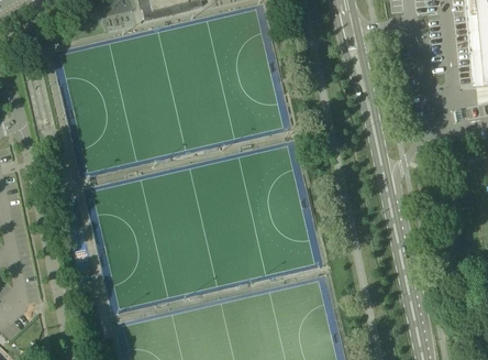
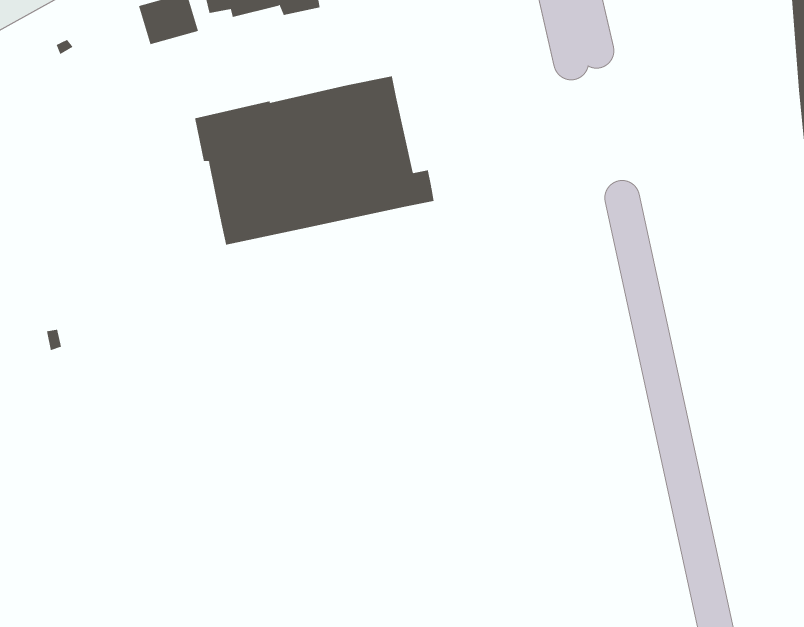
building: none -> [194,75,434,245]

